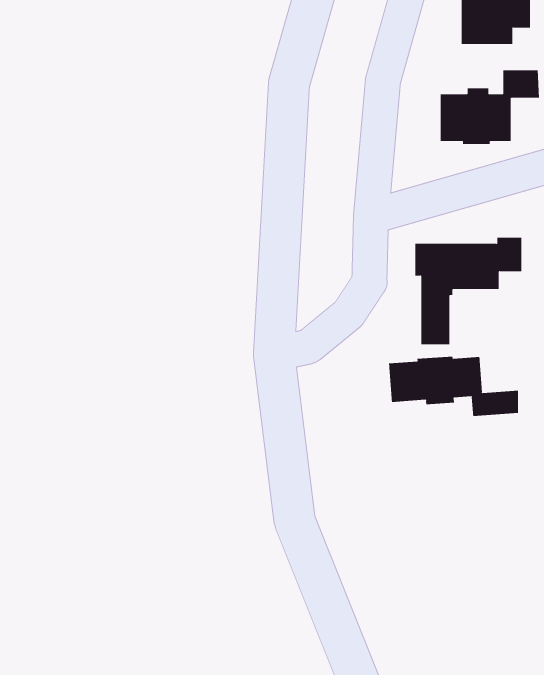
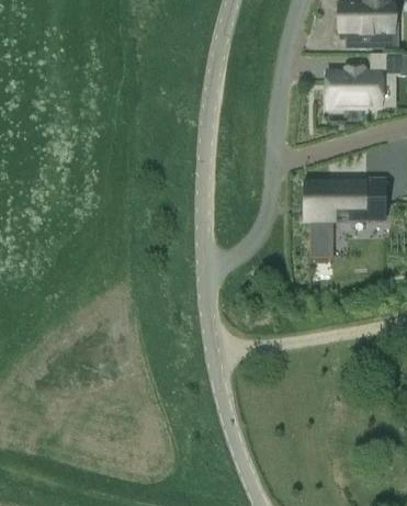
building: [389,356,519,417] -> none

